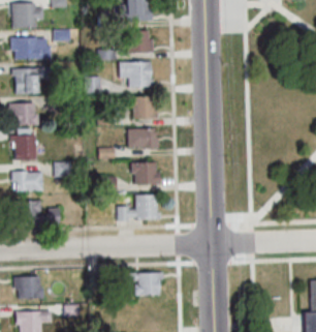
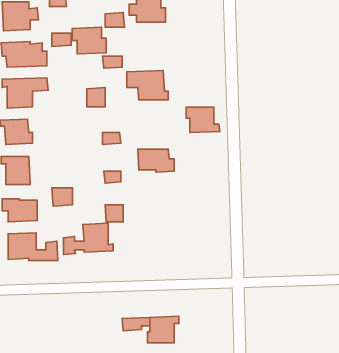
building: [123,30,152,53] -> [72,27,106,54]
building: [129,97,158,119] -> [186,107,220,133]
building: [130,162,159,184] -> none
building: [118,194,160,221] -> [63,223,113,255]
building: [14,276,42,298] -> none

